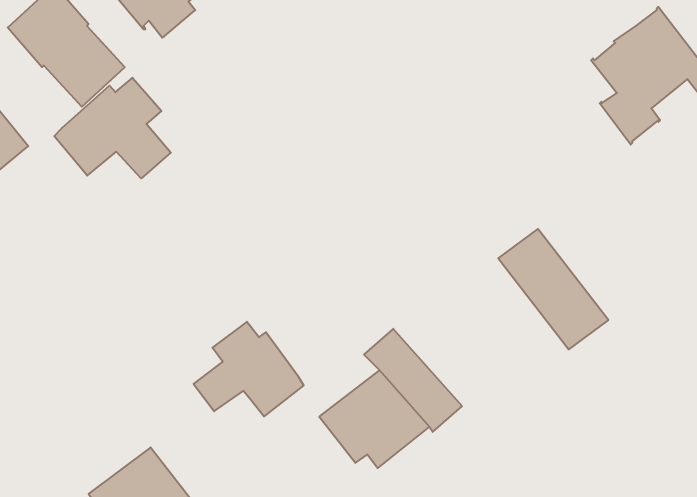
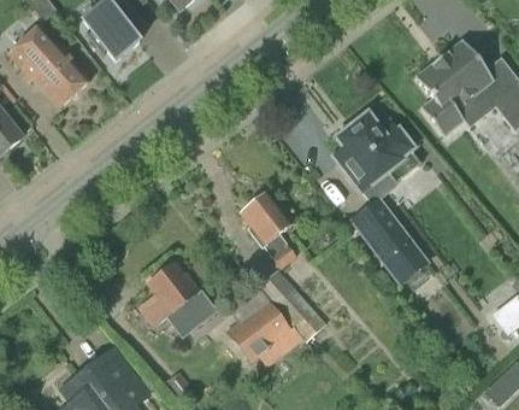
building: [54,78,171,178] -> none
building: none -> [334,117,421,194]
building: none -> [241,193,295,268]

